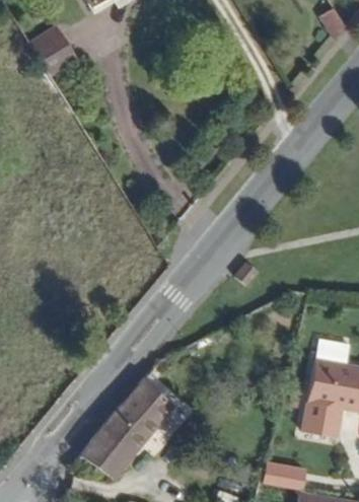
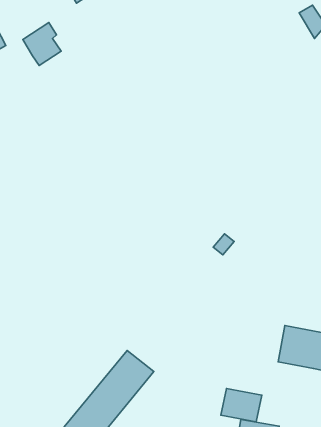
building: [299,396,343,431] -> [221,389,262,422]

